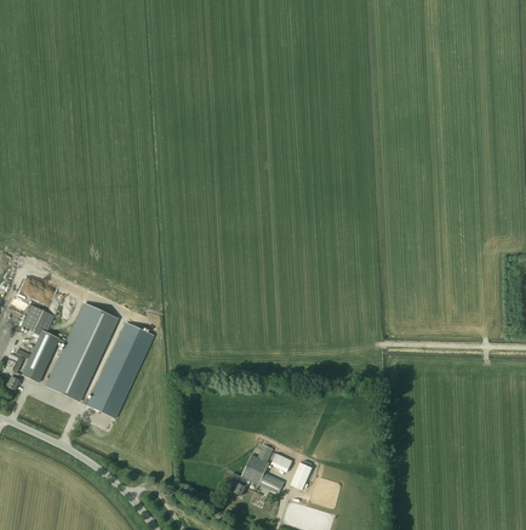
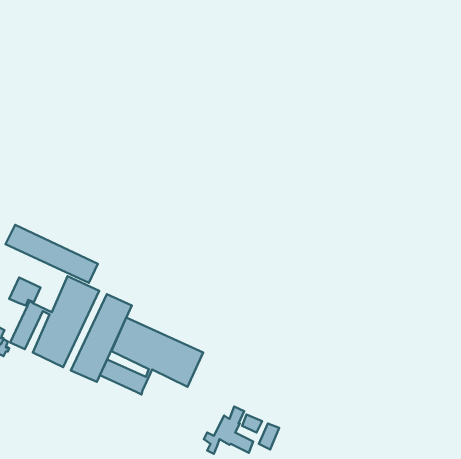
building: none -> [6,225,98,283]
building: none -> [100,318,203,395]

